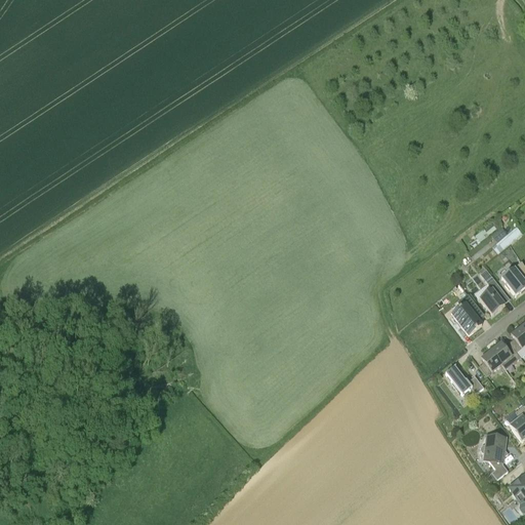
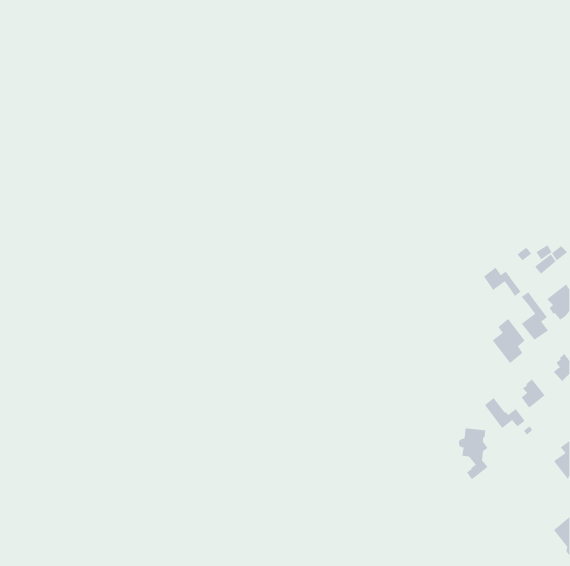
building: none -> [483,267,521,297]
building: [489,341,520,368] -> none
building: [480,434,508,482] -> [458,428,488,480]

